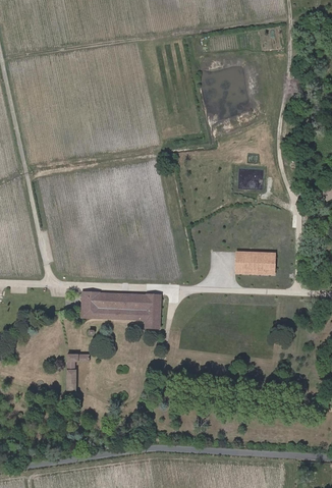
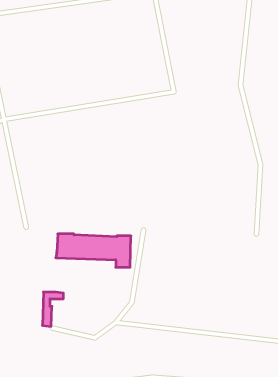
building: [236,254,278,275] -> none

